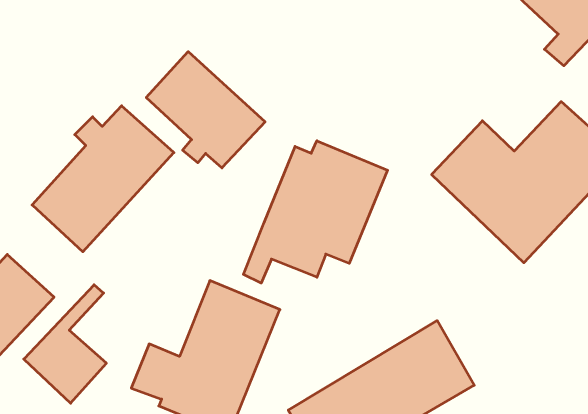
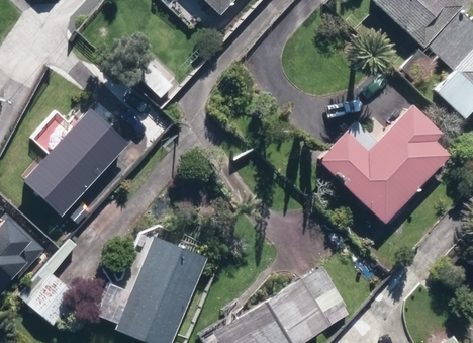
building: [146,52,265,168] -> none
building: [243,141,388,283] -> none

